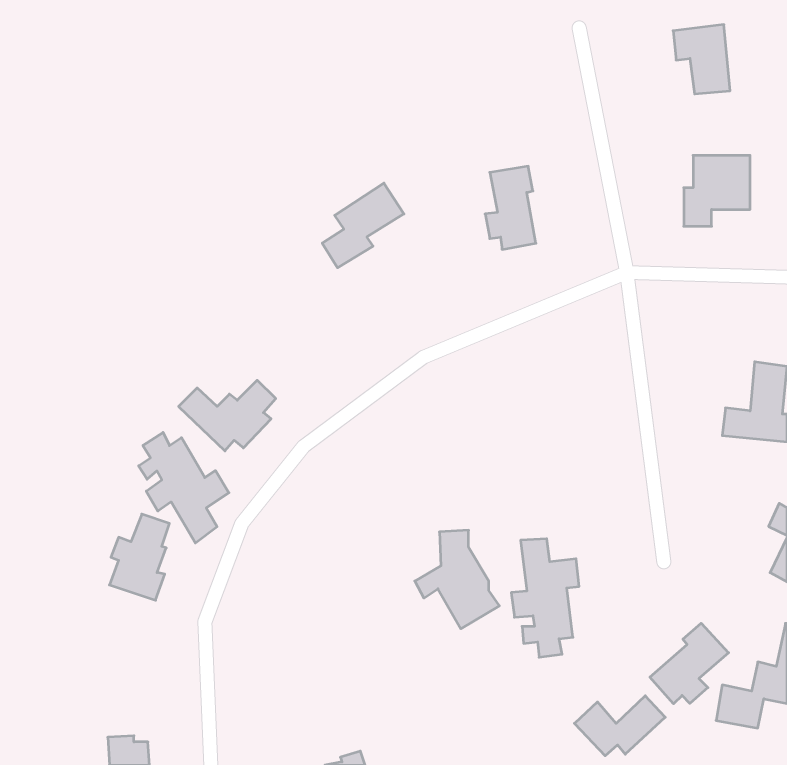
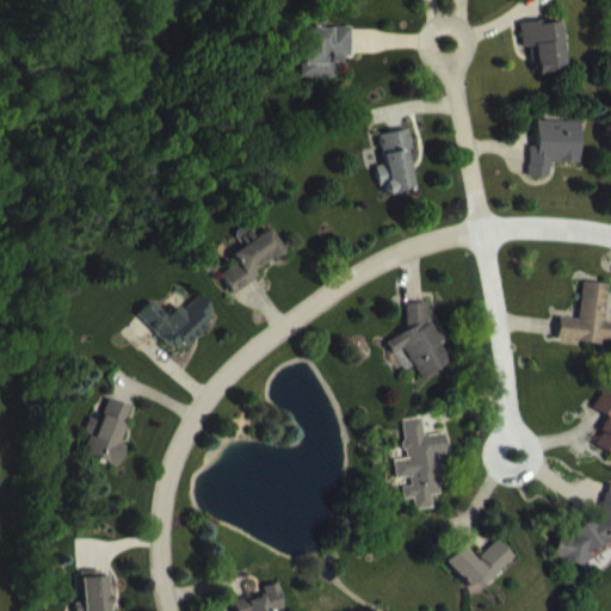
building: none -> [302,27,352,78]
building: [322,183,404,268] -> [222,228,285,294]
building: [139,432,229,543] -> none
building: [415,530,499,629] -> [388,302,453,378]
building: [650,623,729,704] -> none

